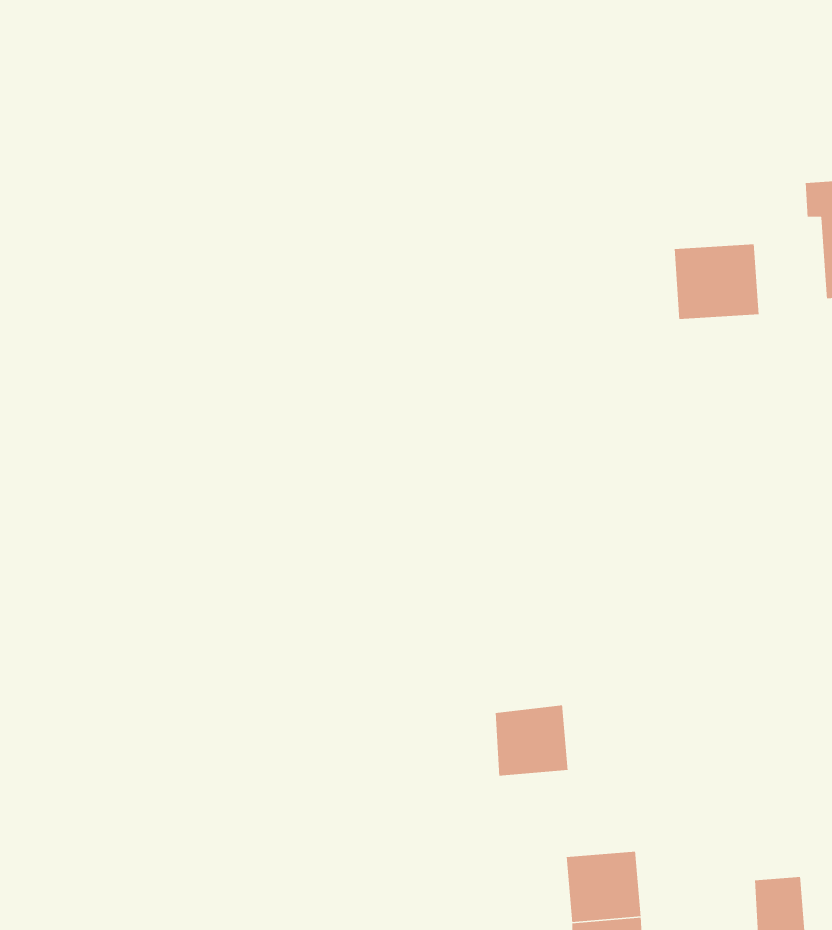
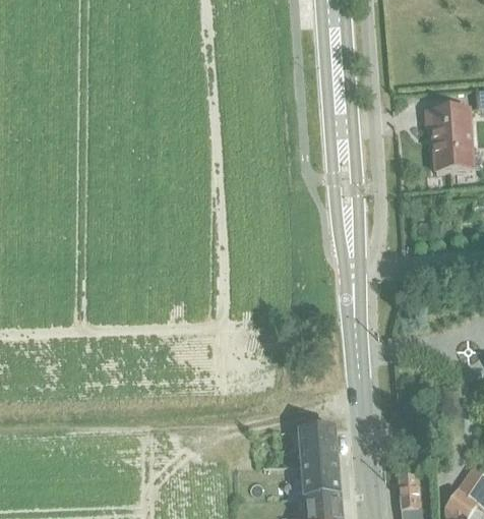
building: [674,244,759,320] -> none
building: [495,705,569,776] -> [298,427,337,465]

